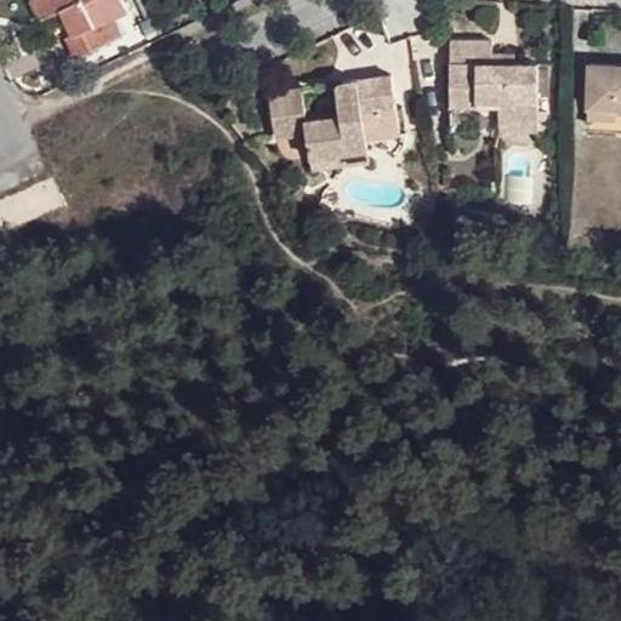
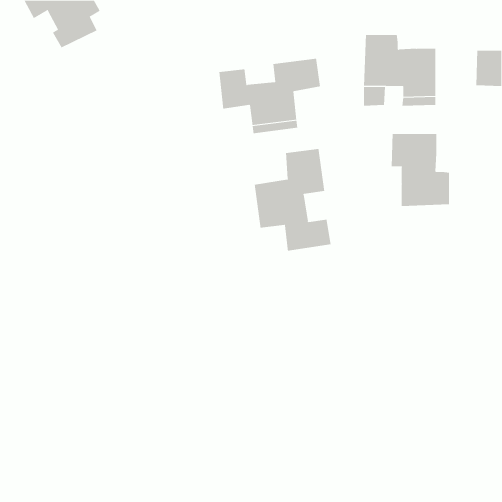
building: none -> [391,133,450,207]
building: none -> [254,148,331,252]

